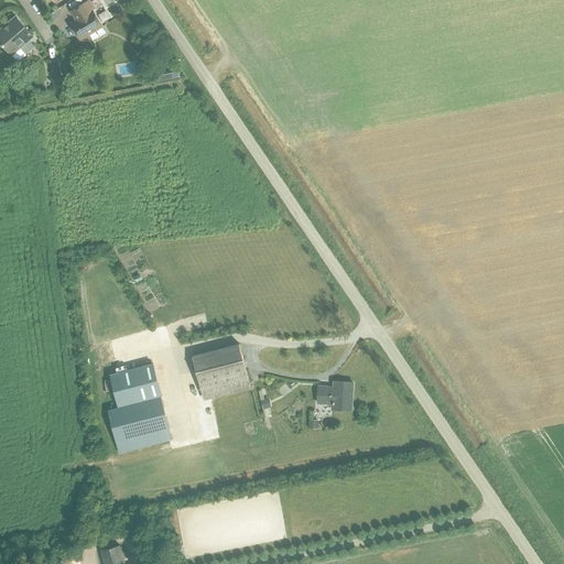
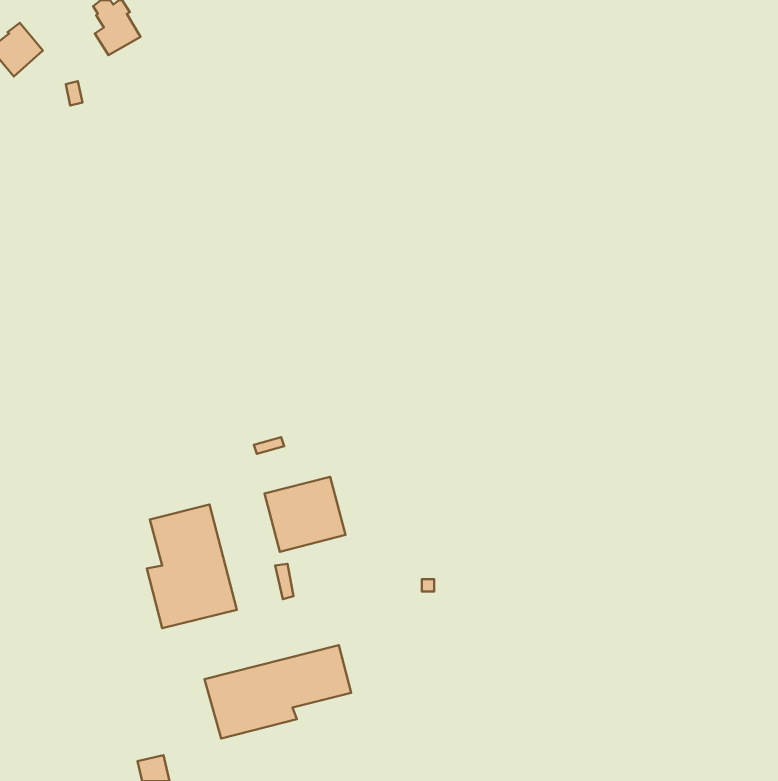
building: [316,381,351,410] -> none
building: none -> [205,645,351,739]

